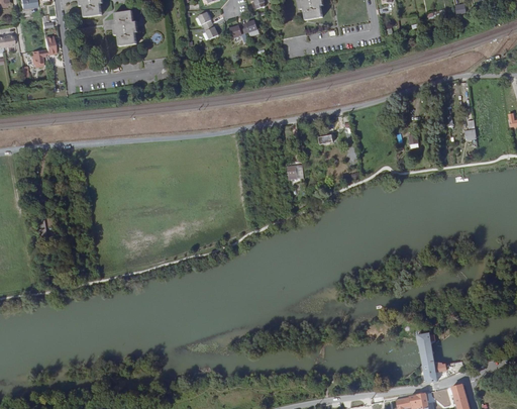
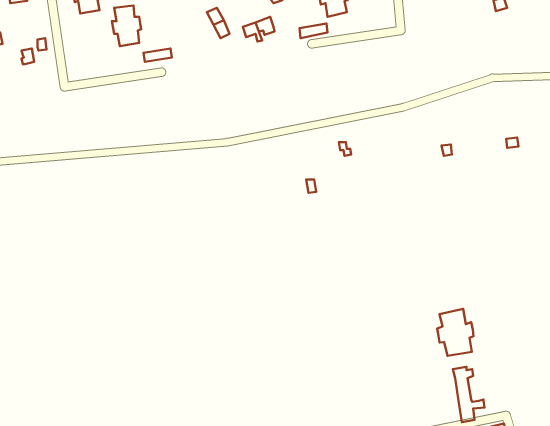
building: none -> [437,309,474,356]

